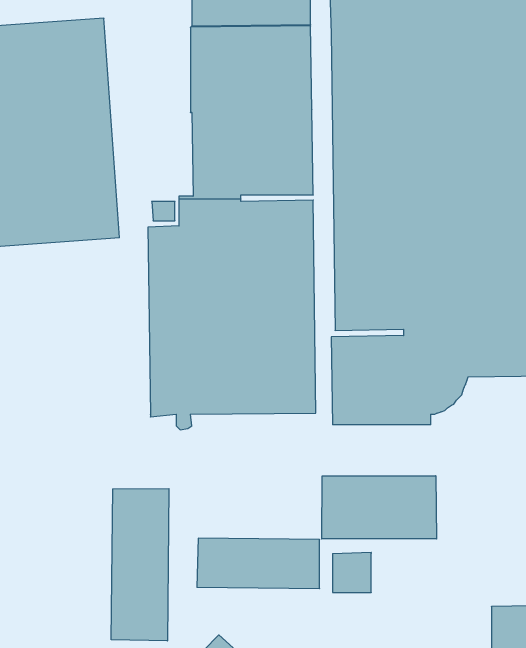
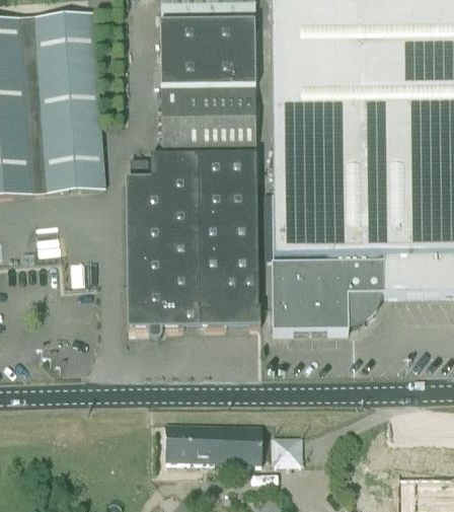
building: [322,476,437,539] -> none
building: [111,489,169,641] -> none

